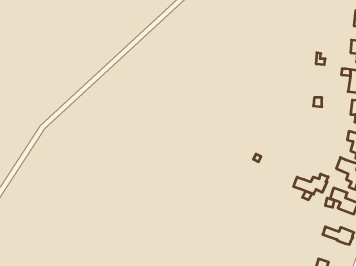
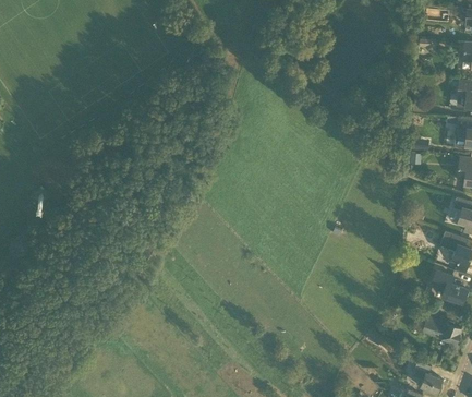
building: [294,174,328,194] -> none

